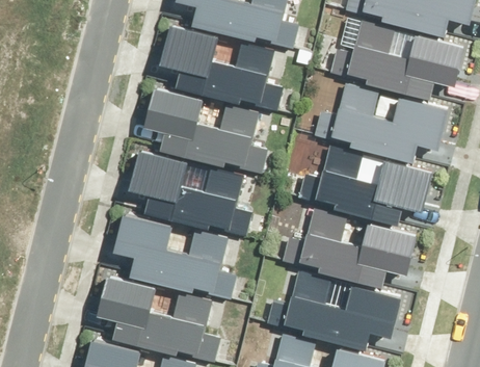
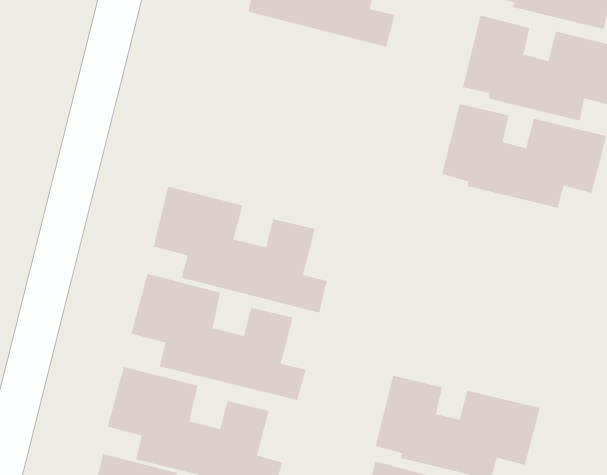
building: [157,20,279,109] -> none
building: [142,84,265,173] -> none
building: [315,150,431,224] -> none
building: [300,213,417,287] -> none

